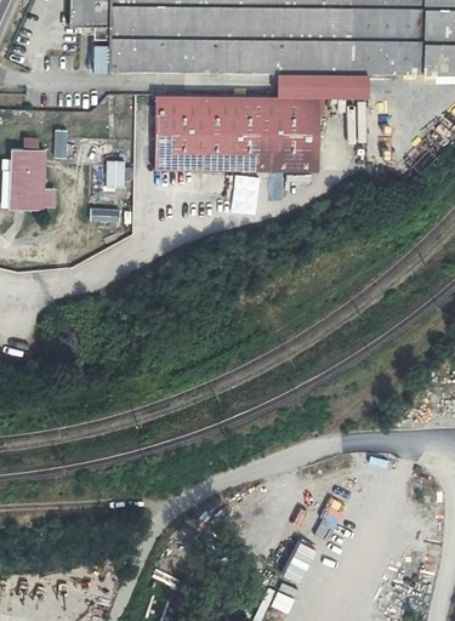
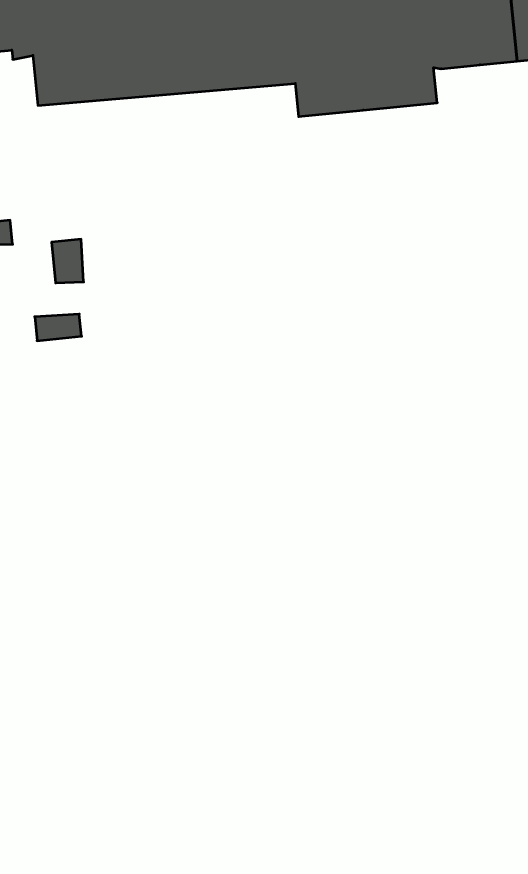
building: [154,95,319,171] -> none

